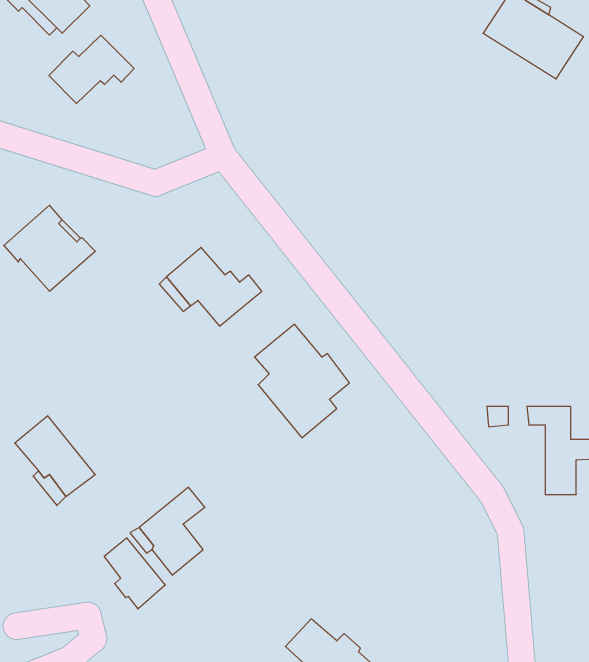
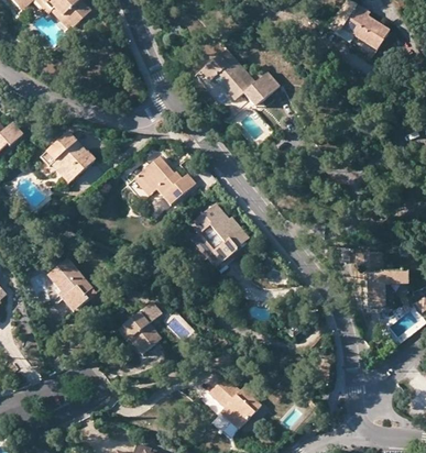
building: [49,35,134,104] -> none
building: none -> [199,46,277,106]
building: [104,538,165,609] -> none

